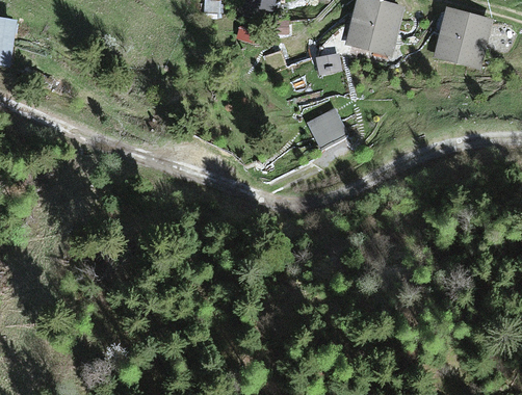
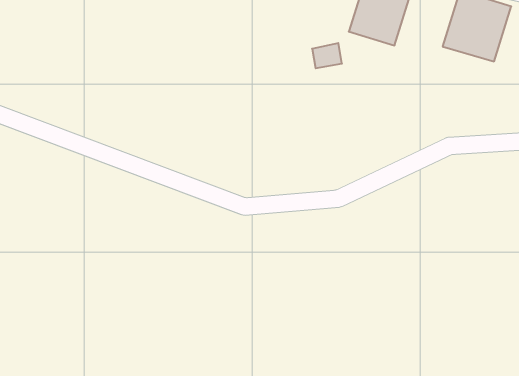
building: [304,107,346,149] -> none

